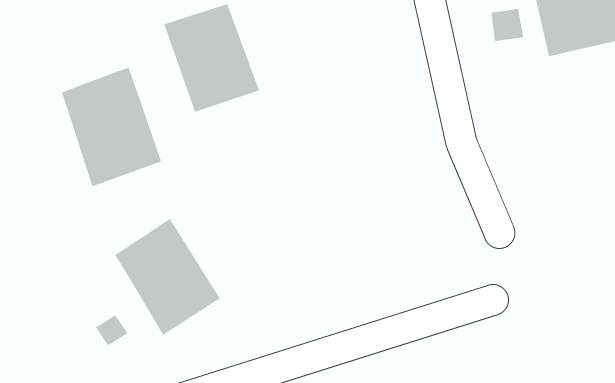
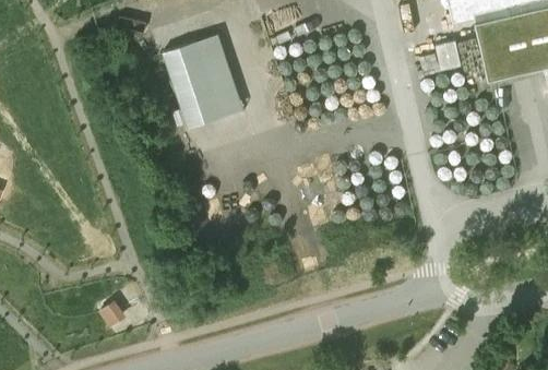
building: [61,66,162,187] -> none
building: [114,218,221,336] -> none

